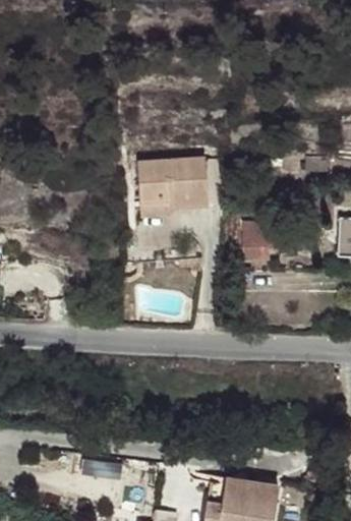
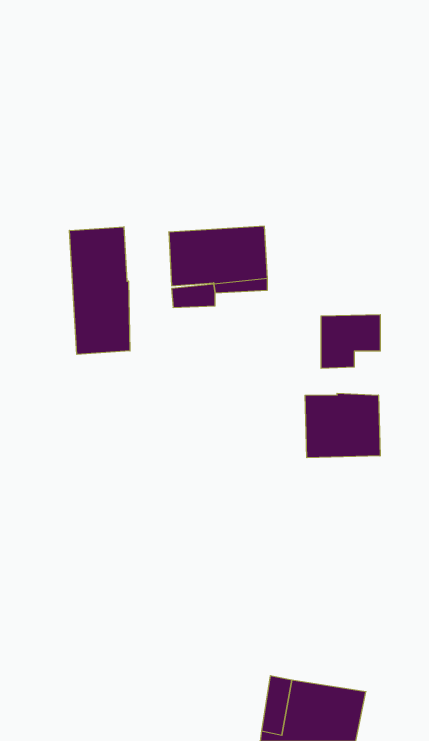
building: none -> [69,227,130,354]
building: none -> [305,393,380,458]

